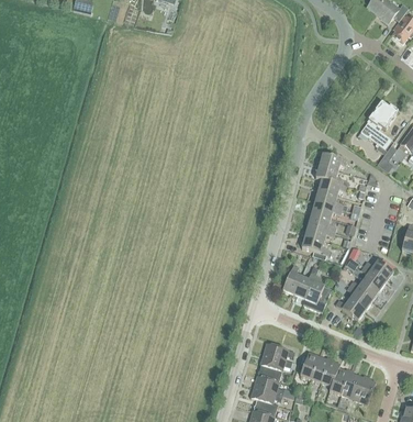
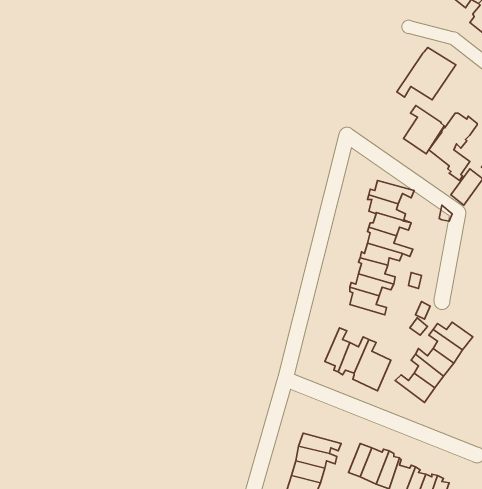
building: none -> [397,47,456,100]
building: none -> [404,105,444,154]

